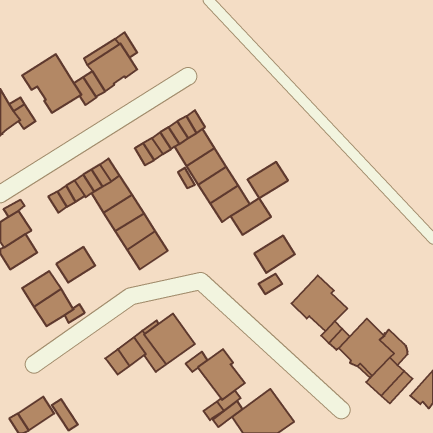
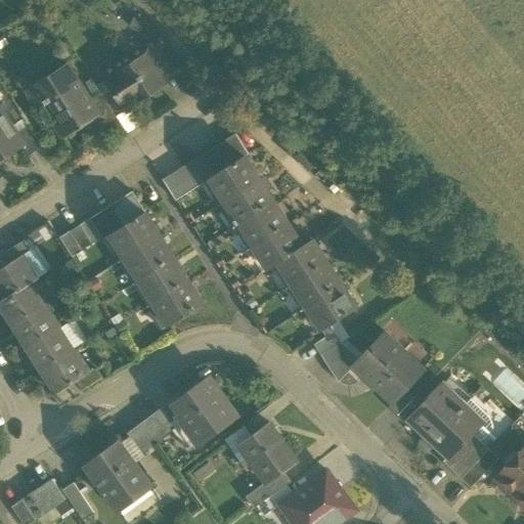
building: [247,162,288,198] -> [293,262,342,306]
building: [56,247,95,283] -> [12,305,59,348]
building: none -> [320,343,358,381]
building: none -> [87,442,149,507]

